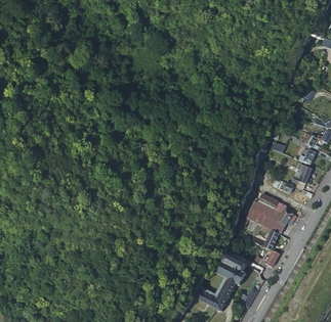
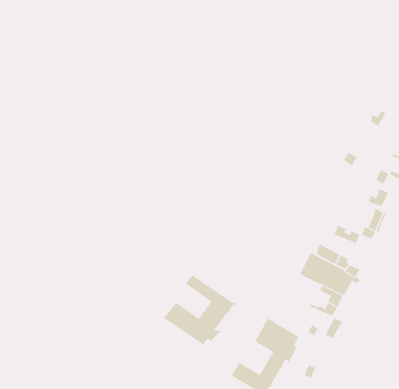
building: none -> [163,275,237,346]

